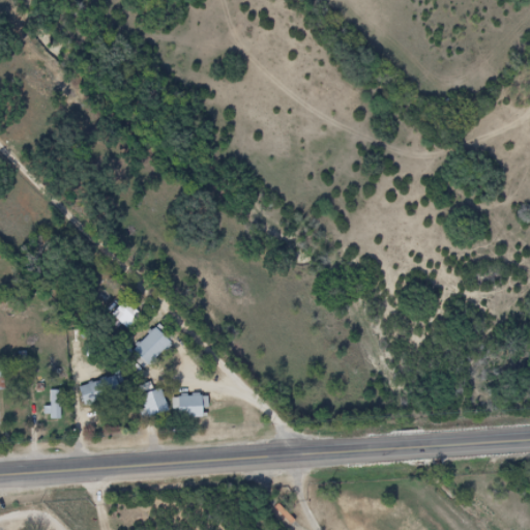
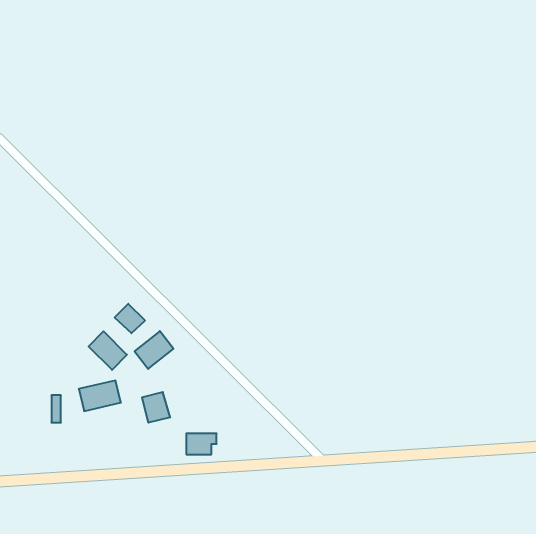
building: none -> [89,331,127,370]
building: [176,395,206,416] -> [186,433,217,454]

